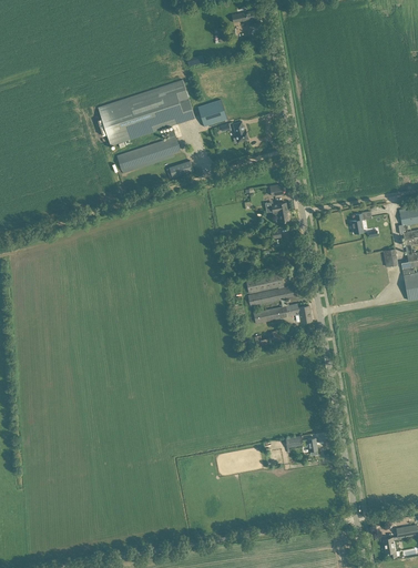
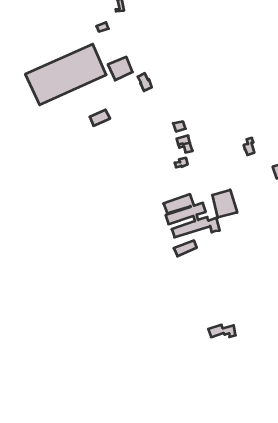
building: [116,130,181,173] -> none
building: none -> [212,190,237,218]

